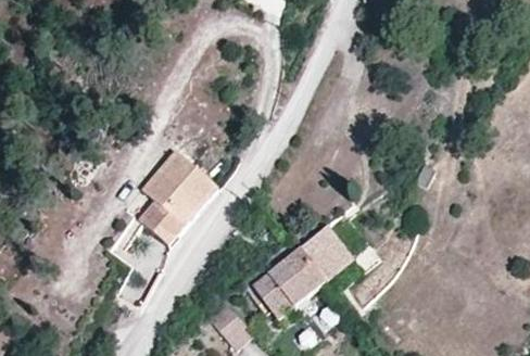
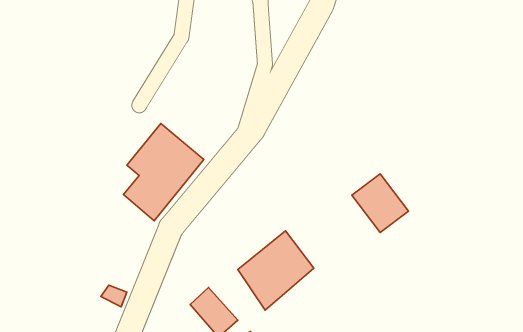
building: [296,228,351,284] -> [352,174,409,233]

